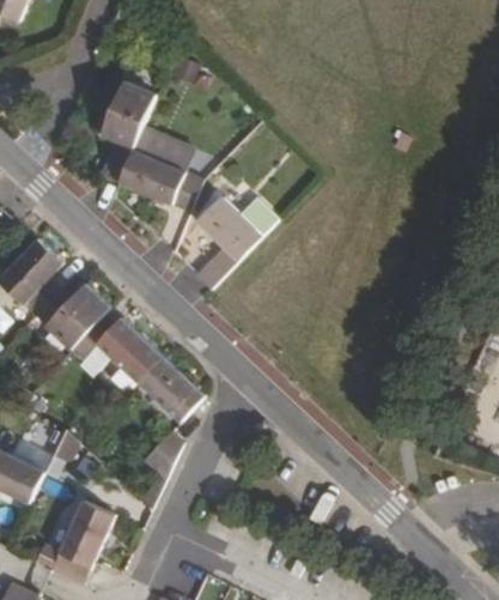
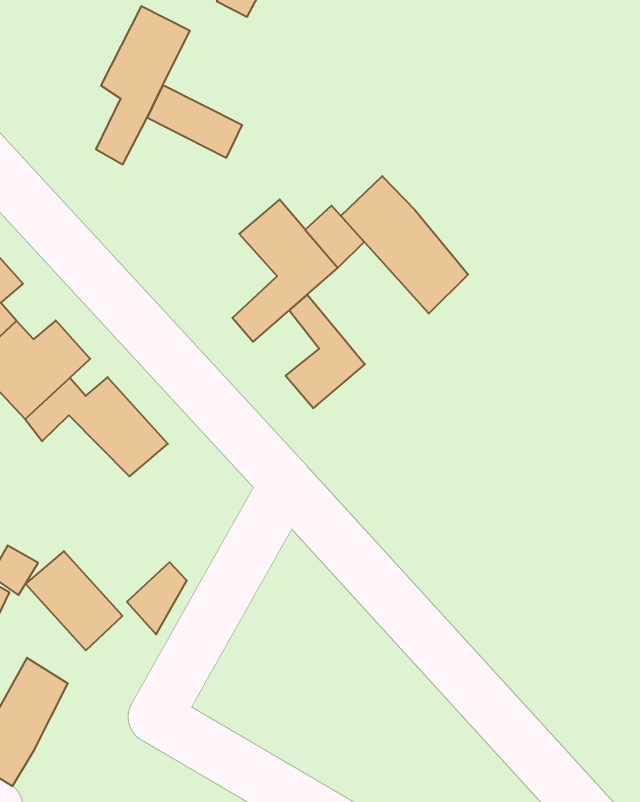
building: [118,150,201,210] -> none
building: none -> [341,176,468,314]
building: none -> [286,295,365,408]
building: [139,357,202,419] -> [26,551,122,650]

